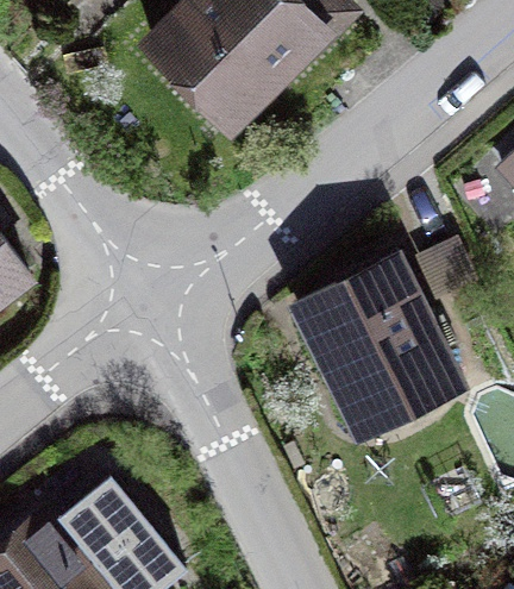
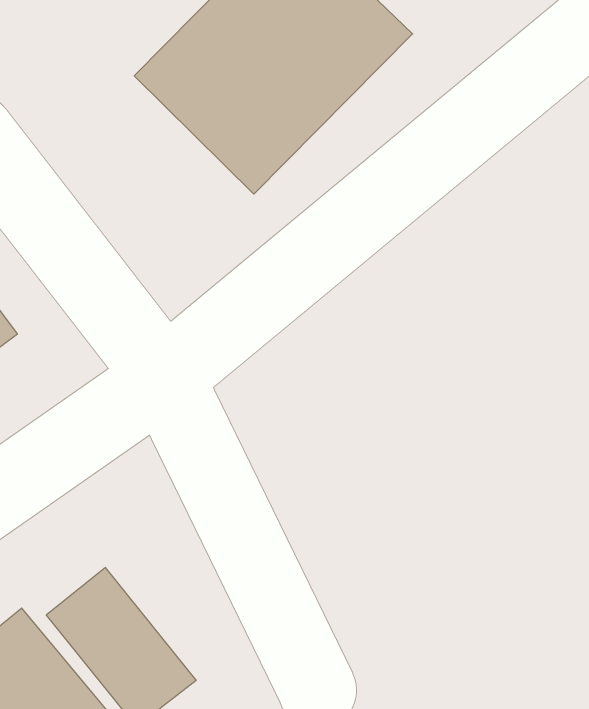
building: [289,249,472,446] -> none

